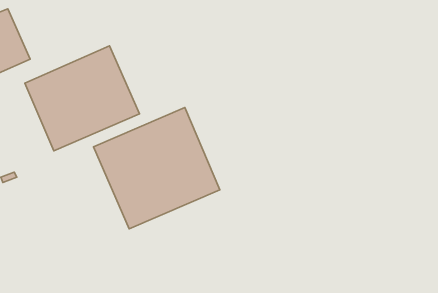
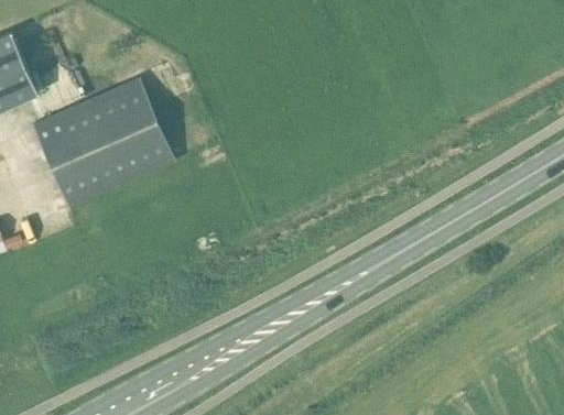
building: [94,107,220,229] -> none

